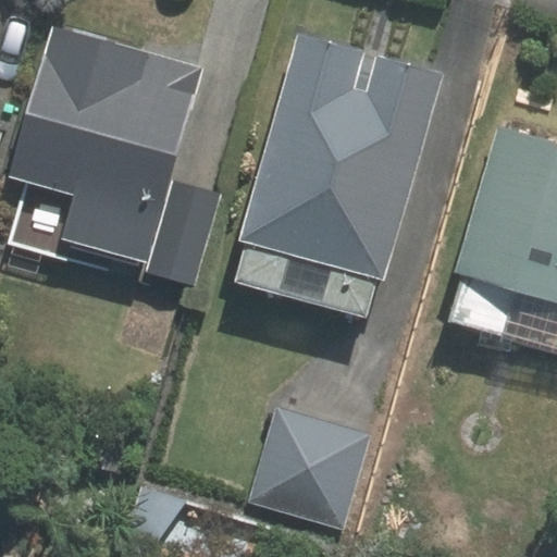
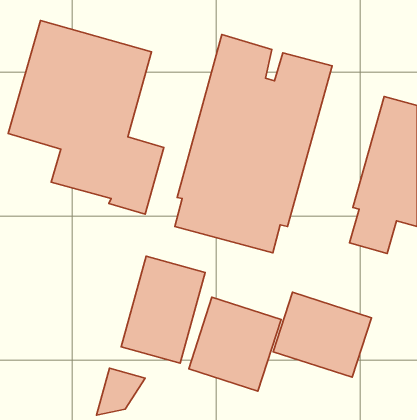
building: none -> [121,256,205,363]
building: none -> [273,292,371,377]

